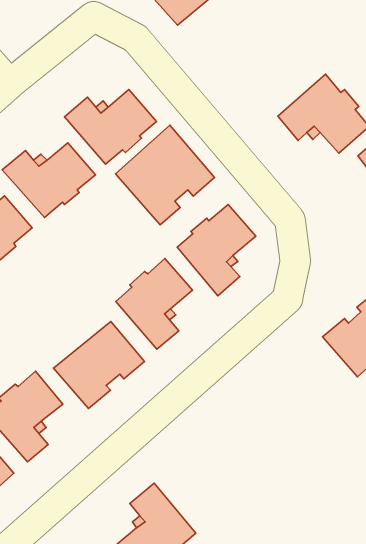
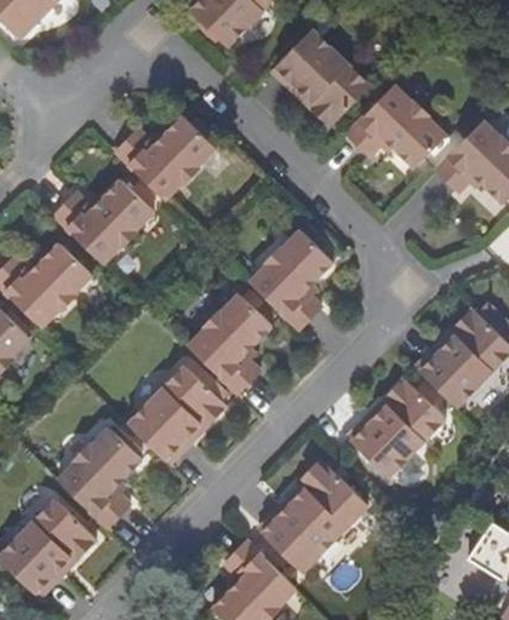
building: none -> [270,29,370,127]
building: [116,125,214,225] -> none
building: none -> [345,379,442,477]
building: none -> [257,463,365,572]

